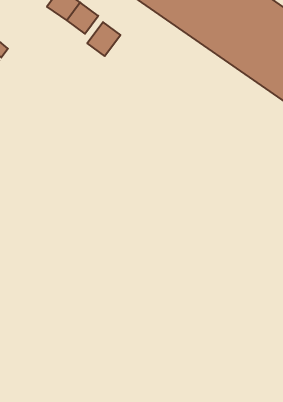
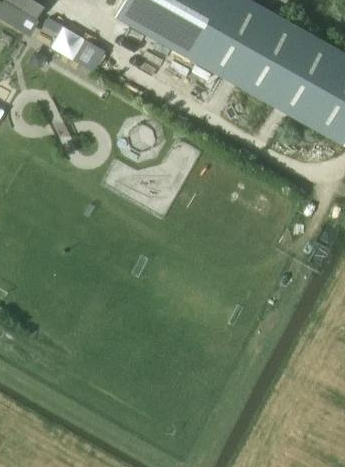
building: [87,22,120,56] -> none

